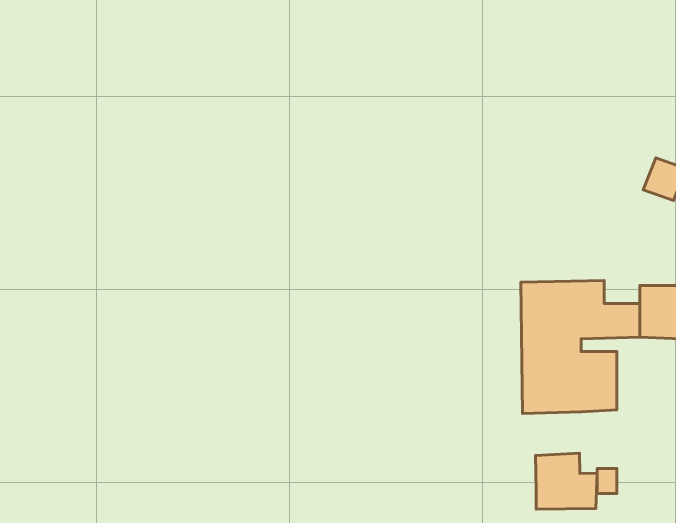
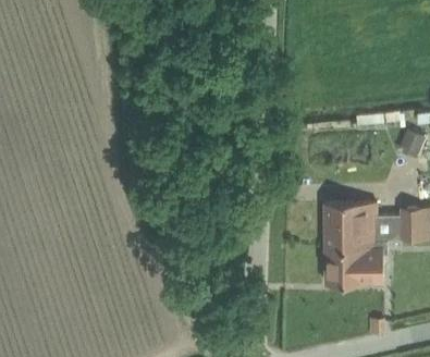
building: [536,453,597,509] -> none

